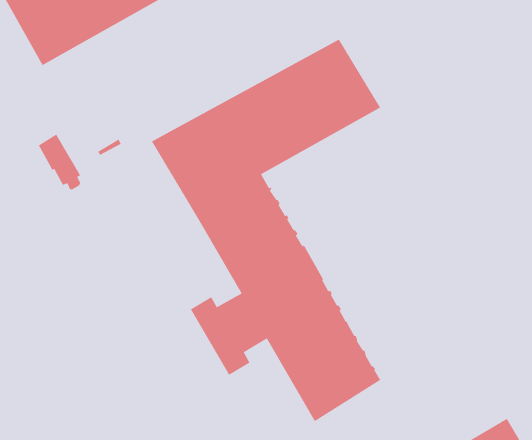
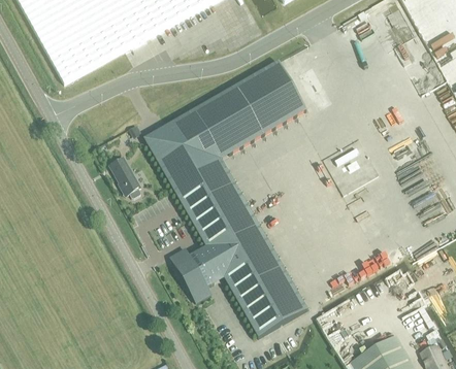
building: [38,134,81,190] -> [109,156,140,196]

